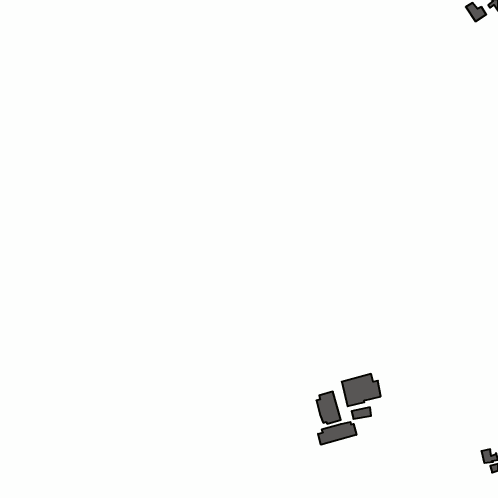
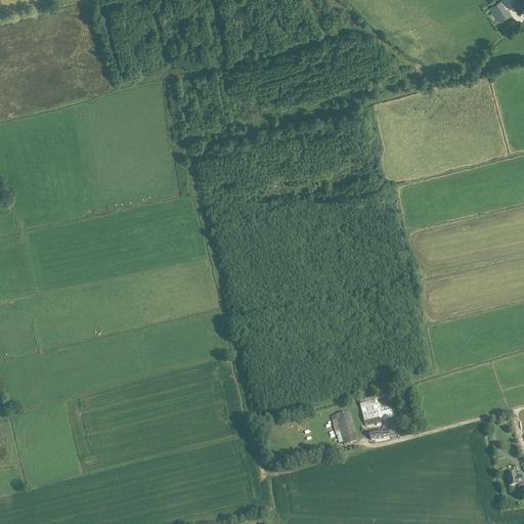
building: [318,422,356,445] -> none

